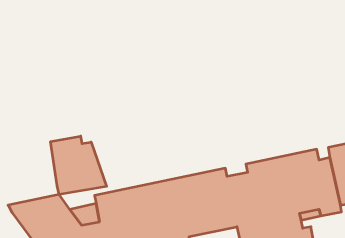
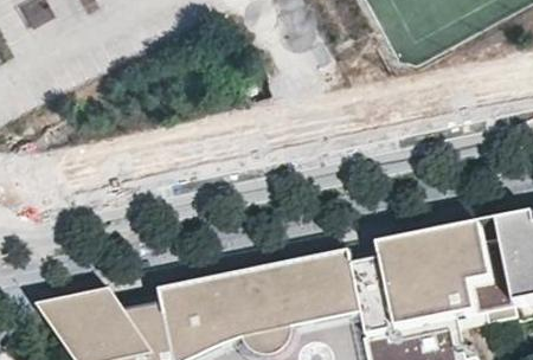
building: [51,136,107,195] -> none

